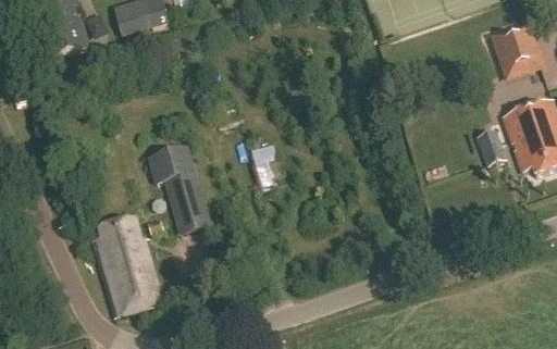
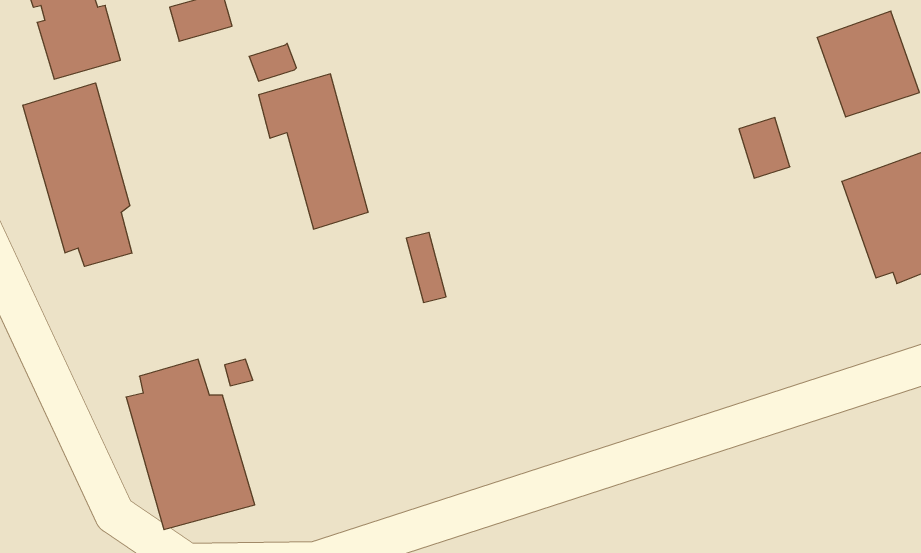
building: none -> [23,83,132,266]
building: [479,129,508,164] -> [739,118,790,178]
building: [149,147,212,236] -> [259,74,368,229]

